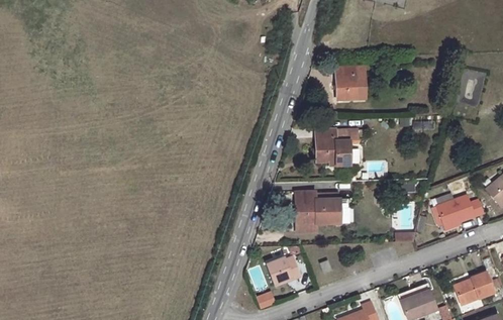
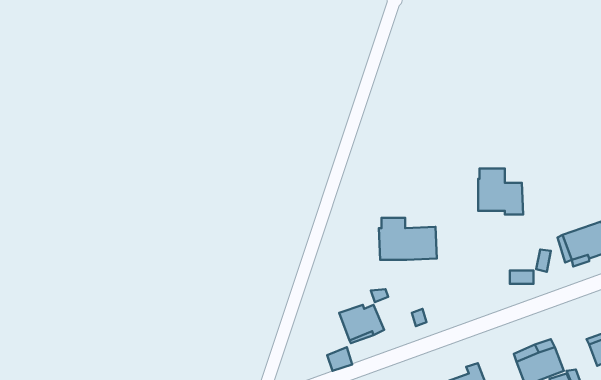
building: [337,66,366,98] -> none
building: [316,129,350,165] -> [478,168,523,215]

